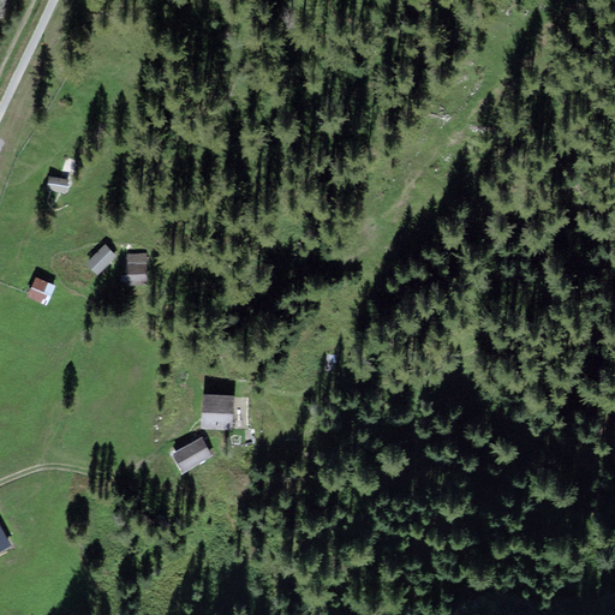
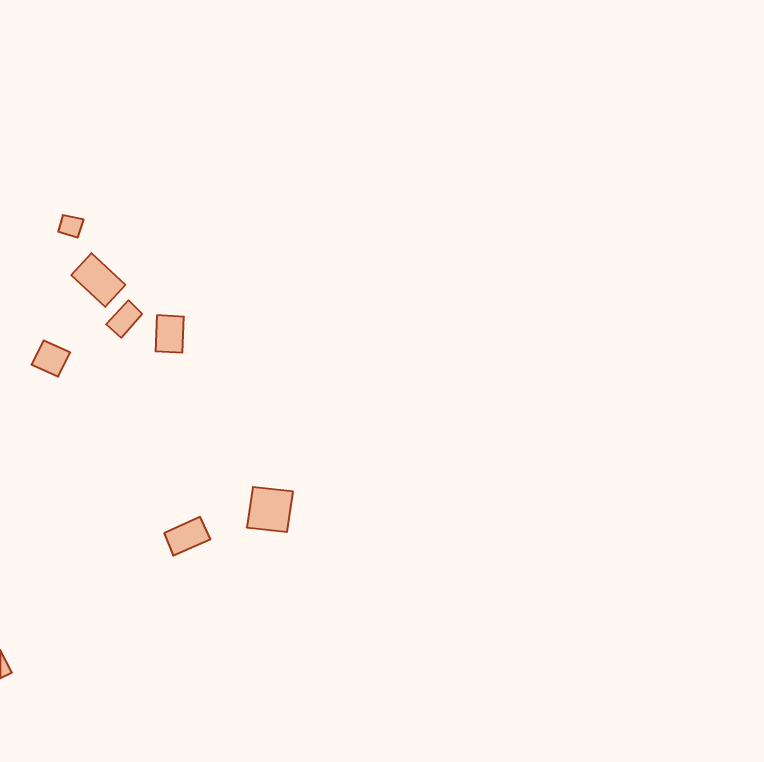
building: none -> [71,253,125,307]
building: [173,437,210,468] -> [164,517,211,556]

